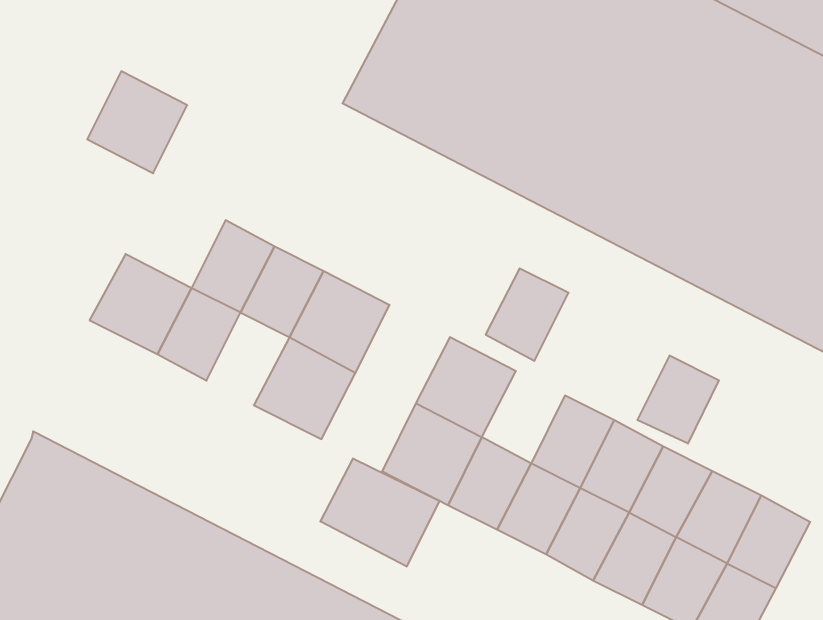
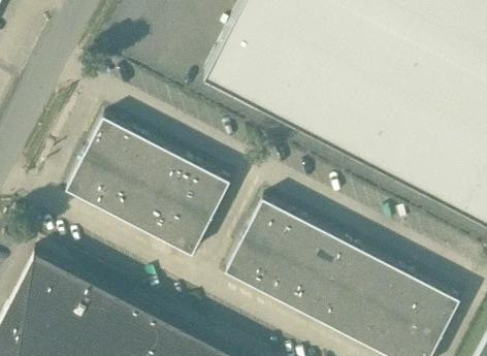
building: [87,71,187,173] -> [86,118,140,173]
building: [486,268,569,361] -> [281,219,326,269]
building: none -> [130,187,175,237]
building: [637,355,719,444] -> none
building: [320,458,440,567] -> none

